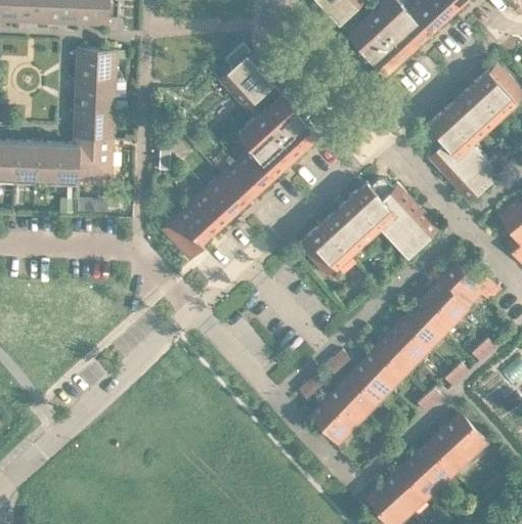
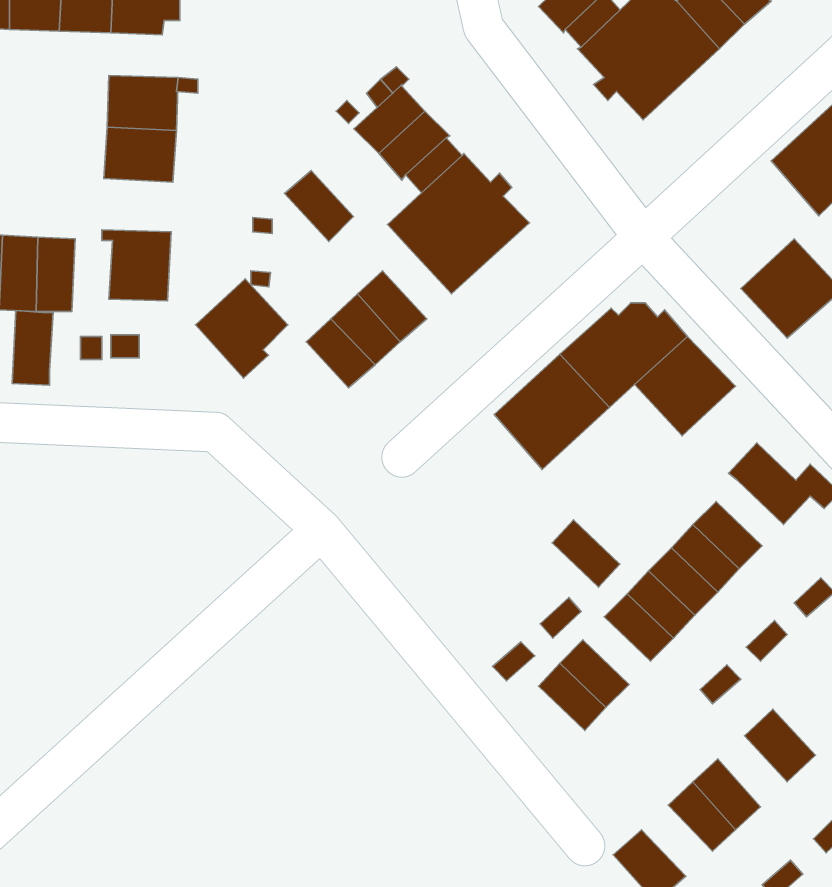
building: [426,98,487,172] -> none
building: [74,108,115,139] -> none
building: [56,143,80,186] -> [12,311,53,385]
building: [235,148,275,189] -> [284,171,354,242]
building: [163,203,216,260] -> [196,279,288,378]
building: [428,282,467,320] -> none
building: [351,361,390,400] -> [552,520,620,587]
building: [312,401,352,440] -> none
building: [429,430,469,471] -> none
building: [385,470,426,511] -> none

